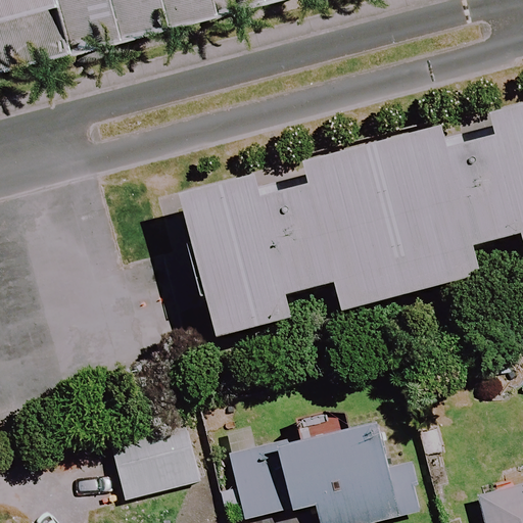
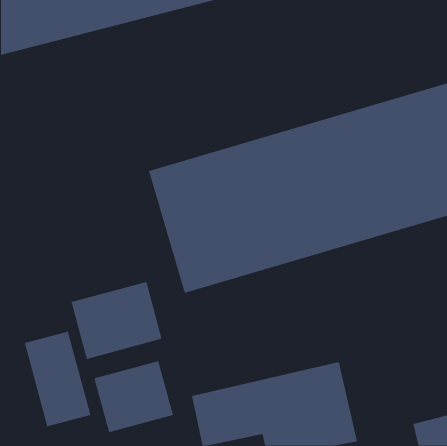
building: none -> [71,281,162,360]
building: none -> [24,331,91,427]

